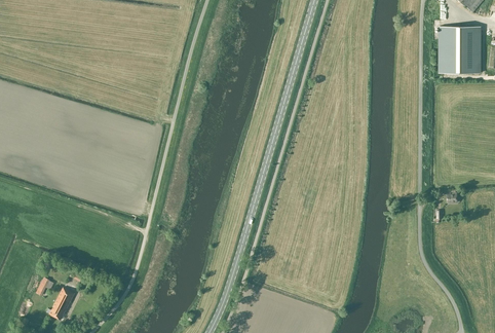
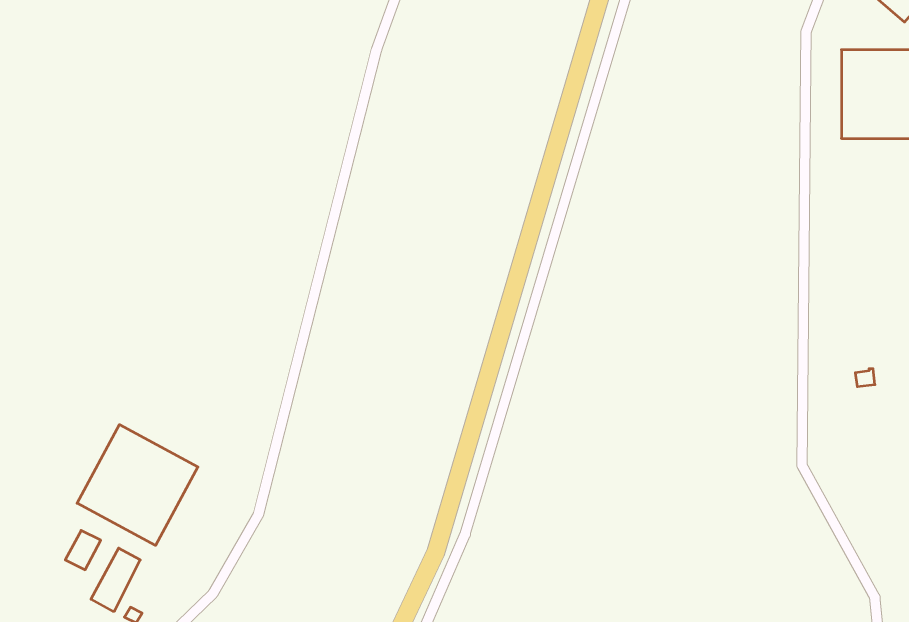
building: none -> [77,425,198,545]

